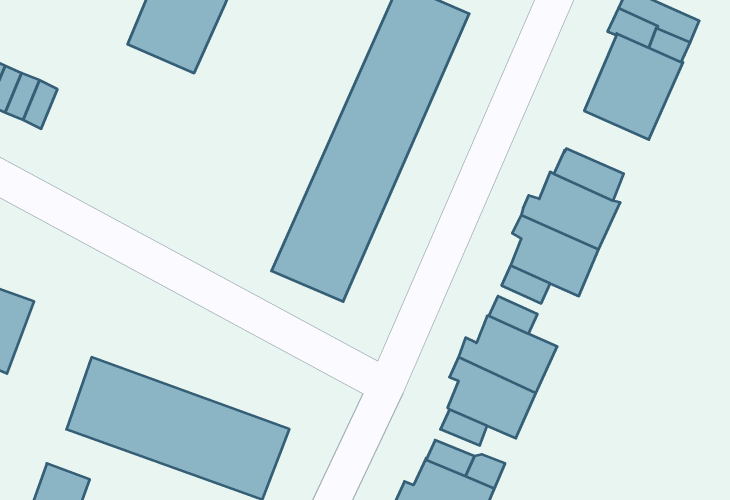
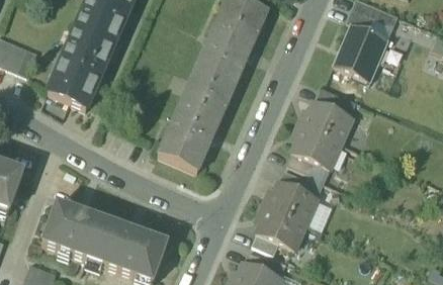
building: none -> [48,27,113,109]

